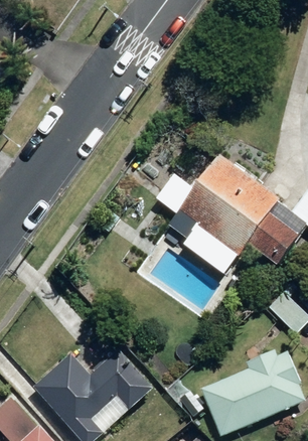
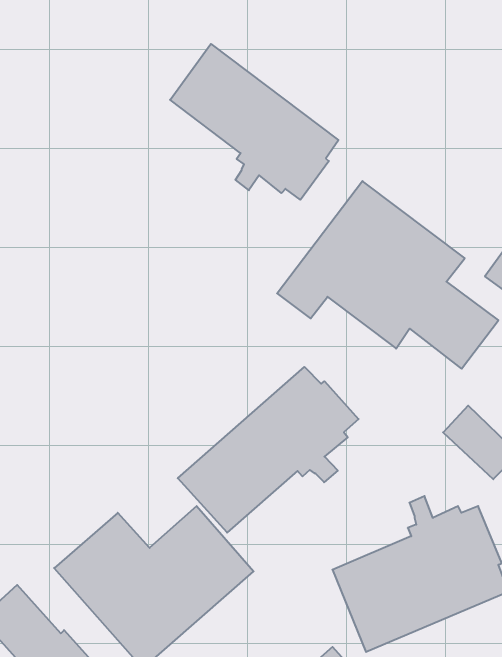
building: none -> [170,44,338,200]
building: none -> [178,367,359,533]

